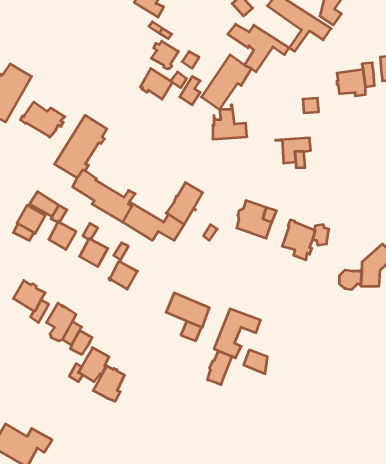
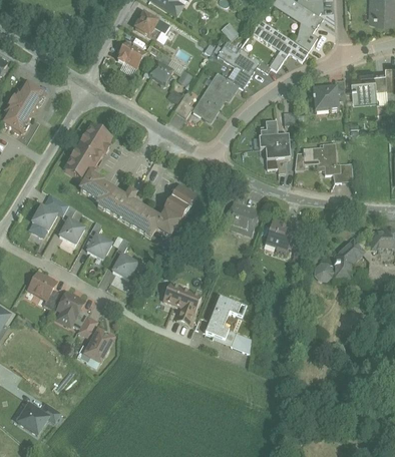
building: [140,68,172,99] -> [117,41,145,68]
building: [20,102,65,137] -> none
building: [213,105,247,139] -> [259,118,289,148]
building: none -> [303,143,352,182]
building: [208,351,232,385] -> none
building: [93,366,124,401] -> none

